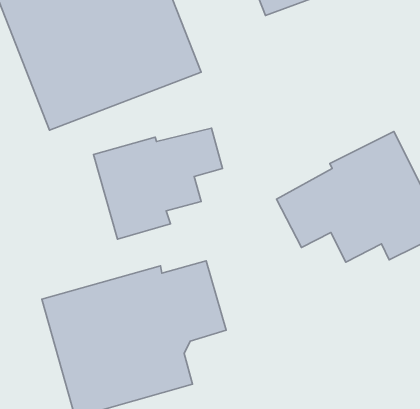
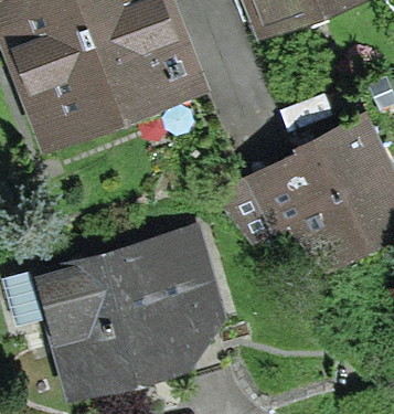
building: [94,128,223,239] -> none

